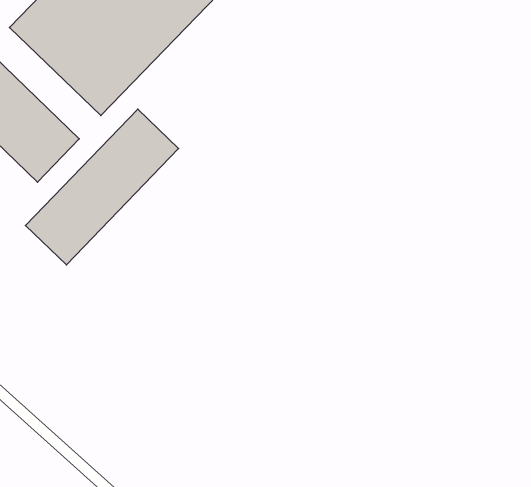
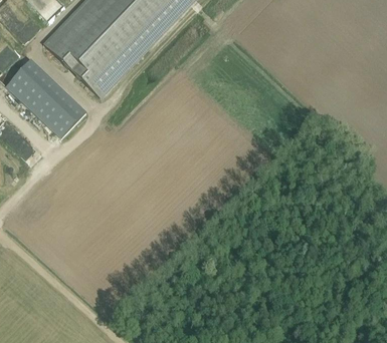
building: [26,109,179,265] -> none

